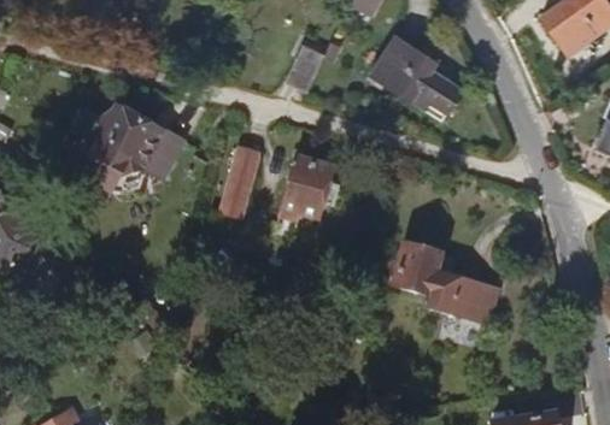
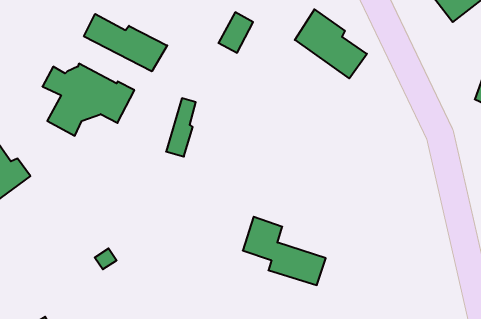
building: none -> [84,14,167,71]
building: [283,154,335,214] -> none
building: [387,240,488,323] -> [243,217,326,285]

